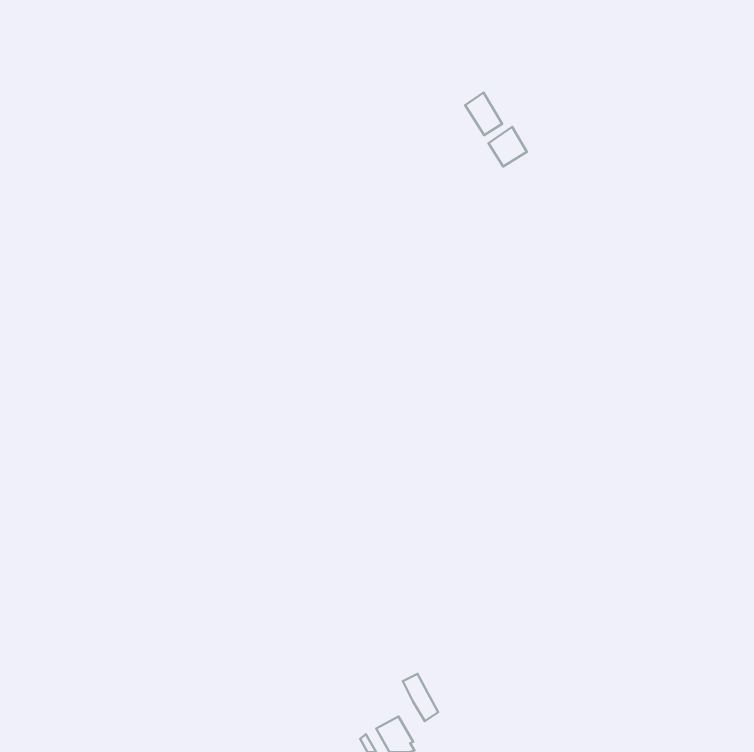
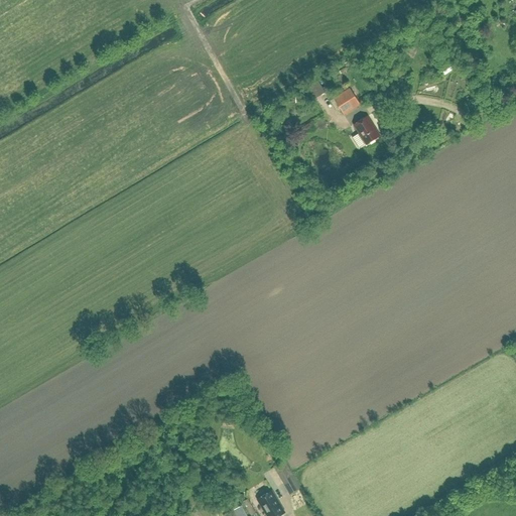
building: [465,93,502,135] -> none
building: none -> [354,115,380,144]

